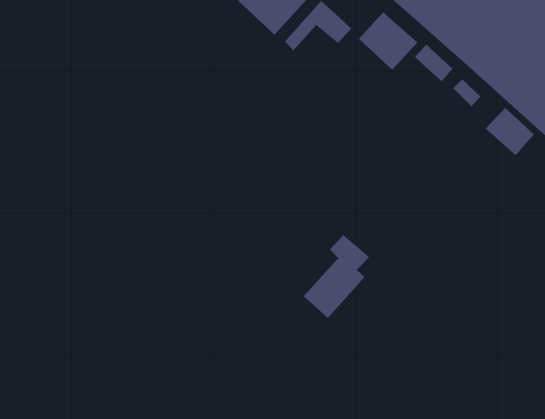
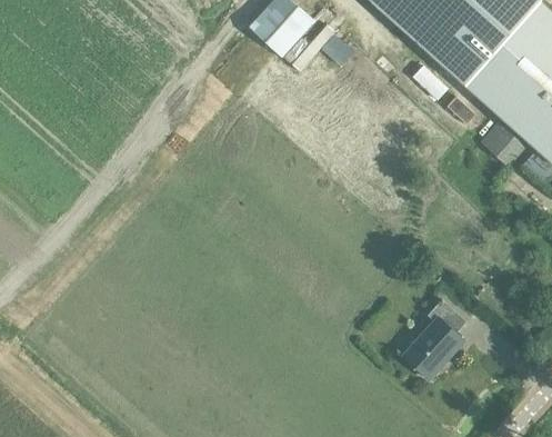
building: [358,12,418,71] -> none
building: [303,234,370,319] -> [408,300,470,379]

